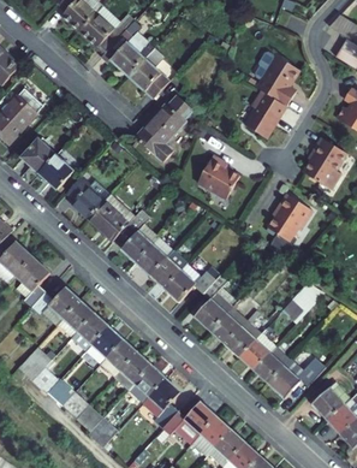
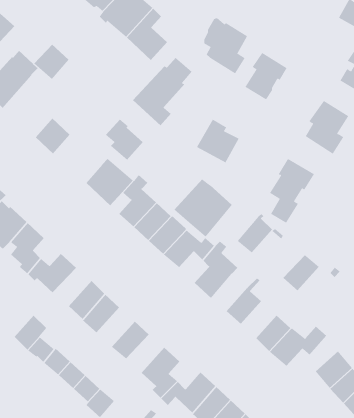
building: [255,51,298,106] -> [204,18,248,74]
building: [22,138,56,173] -> [34,44,69,80]
building: [67,177,105,218] -> [105,119,143,161]
building: none -> [174,178,233,238]
building: [58,301,95,338] -> none
building: [212,304,246,343] -> [237,214,273,253]
building: [240,333,275,369] -> none
building: [100,339,137,378] -> none
building: [129,366,166,403] -> none

